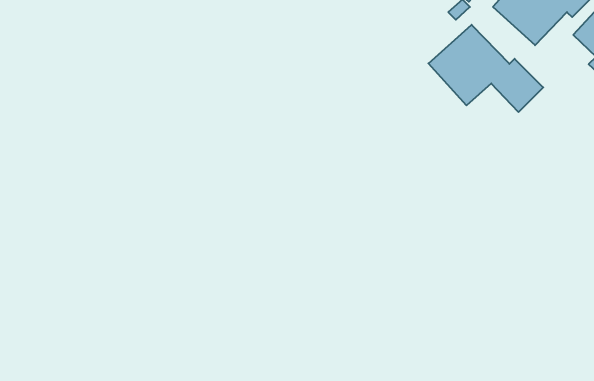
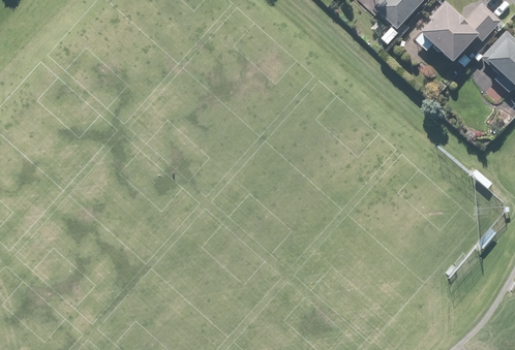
building: [428,25,543,112] -> none

